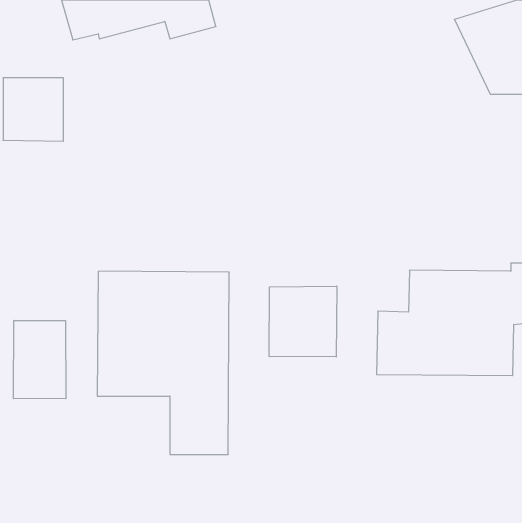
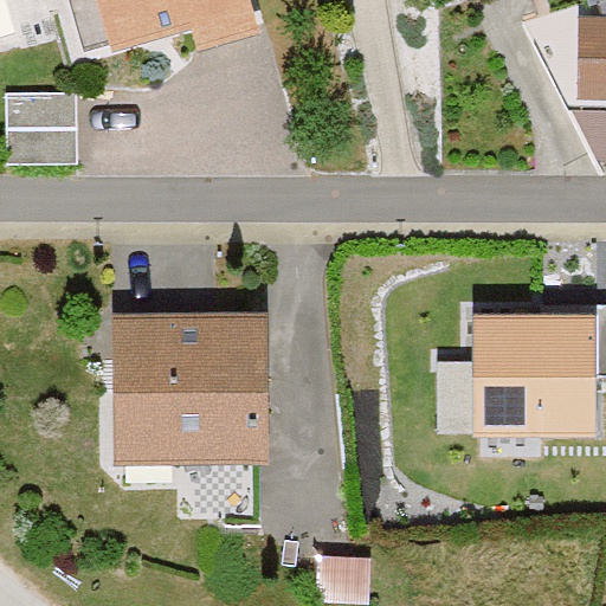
building: [269,286,337,357] -> none
building: [13,320,66,399] -> none

